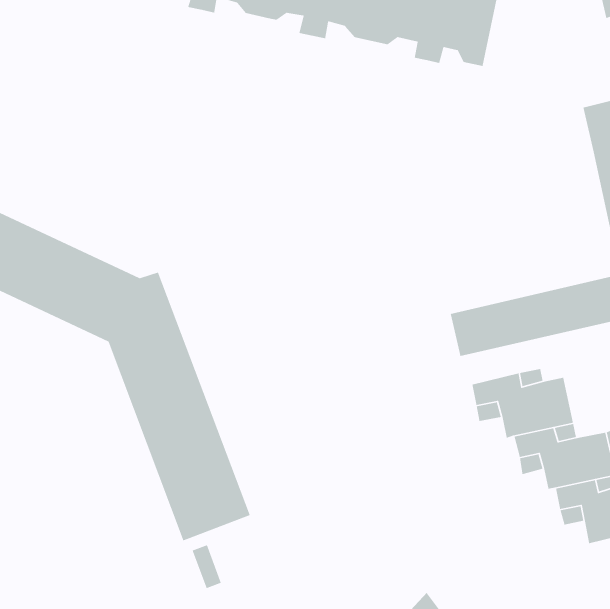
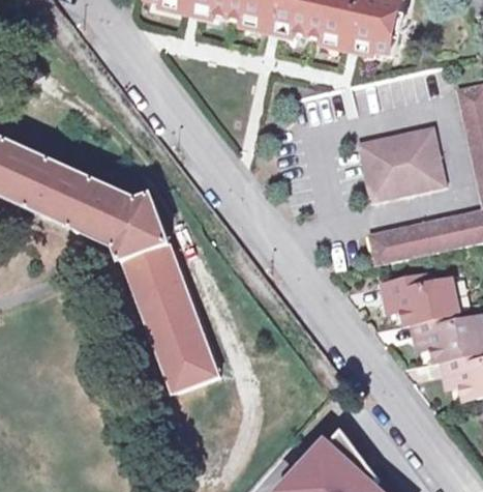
building: none -> [351,122,441,199]

